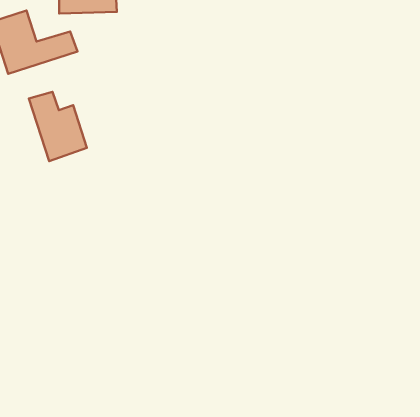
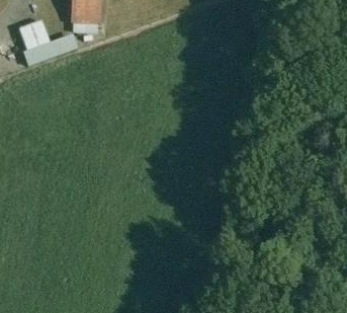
building: [29,92,87,161] -> none

